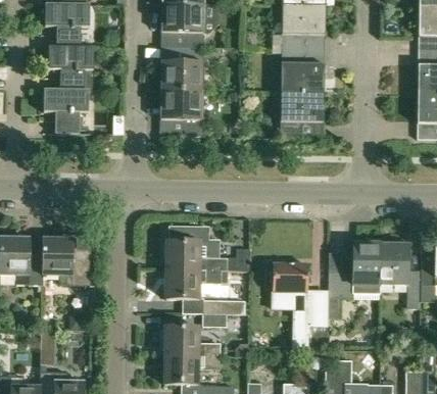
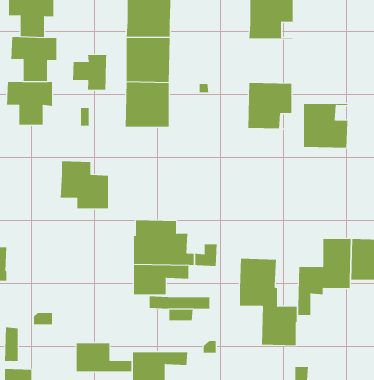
building: [280,47,324,91] -> [303,103,348,148]
building: none -> [73,54,107,91]
building: [42,238,90,285] -> [60,161,109,209]
building: [165,326,221,354] -> [76,343,132,372]

